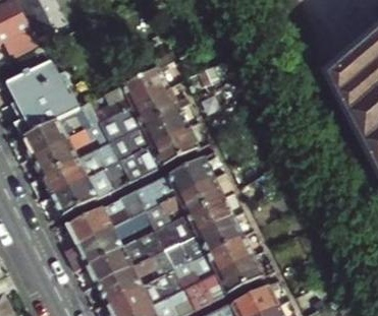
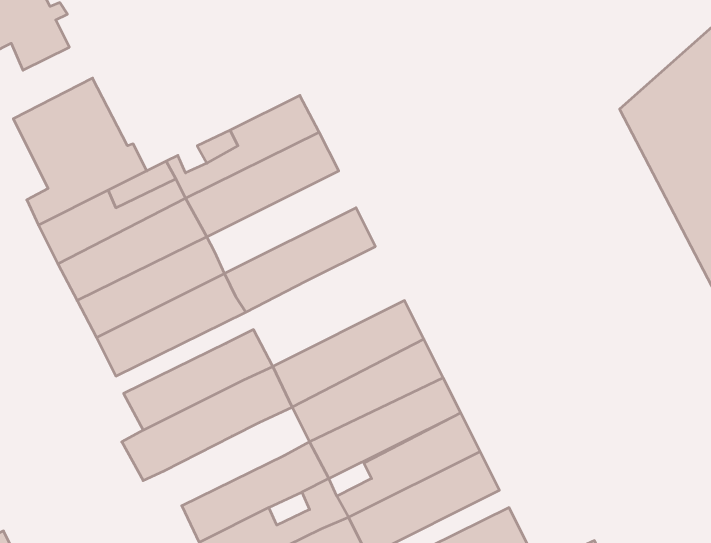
building: [114,107,188,161] -> none
building: [134,155,214,209] -> none
building: [88,231,164,282] -> none

